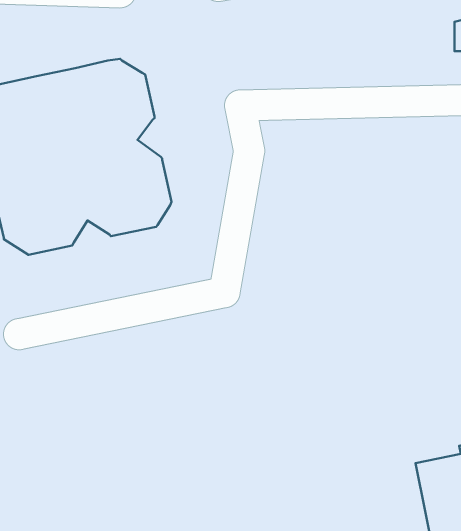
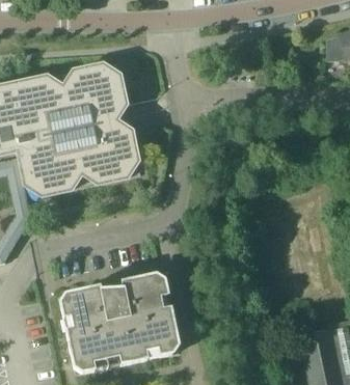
building: none -> [58,274,177,373]

